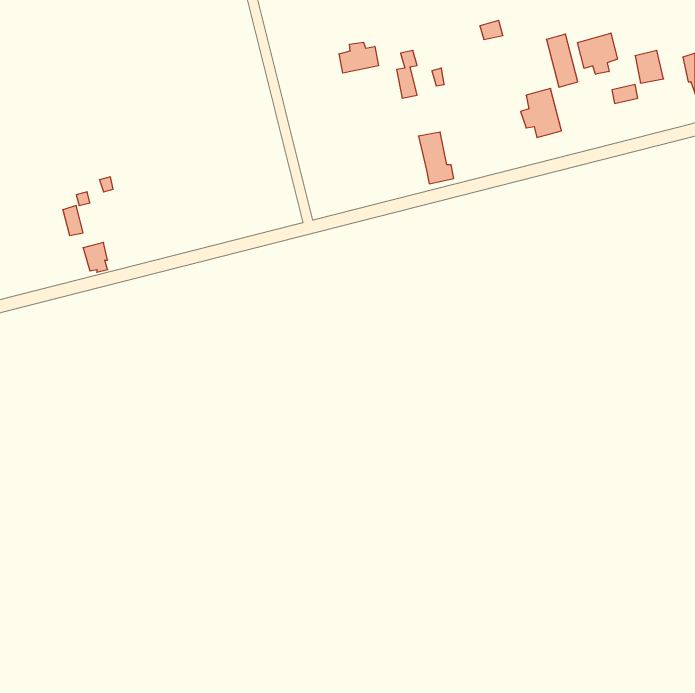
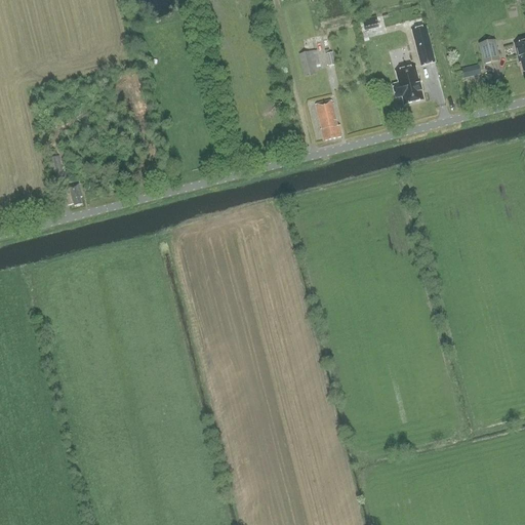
building: [578,33,618,74] -> none
building: [339,42,378,73] -> none

